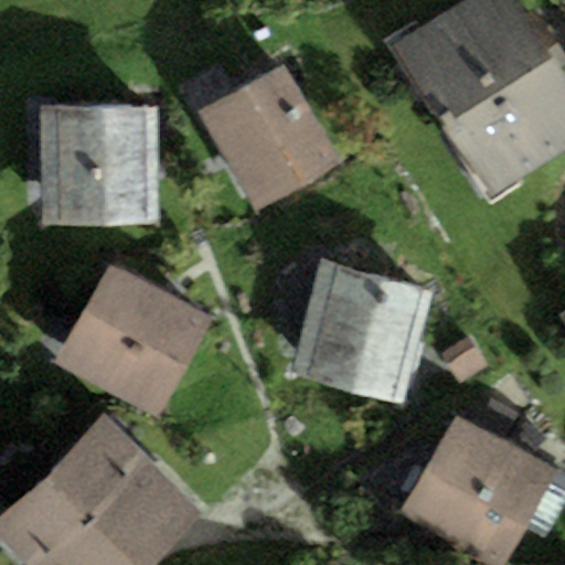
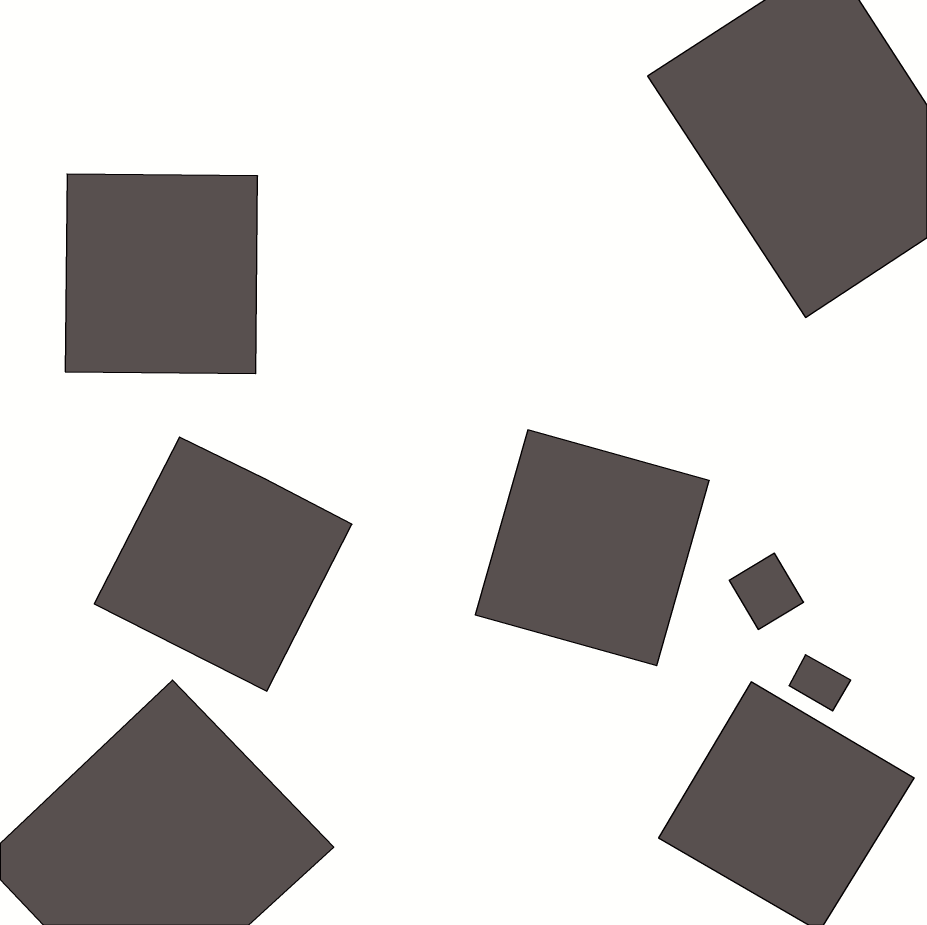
building: [202,67,339,210] -> none

